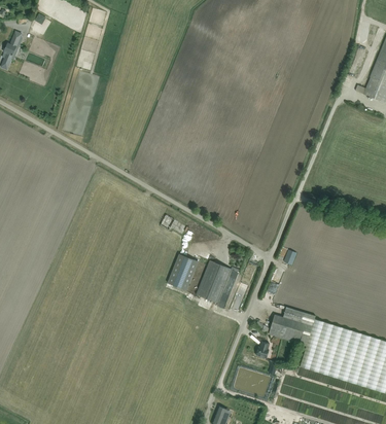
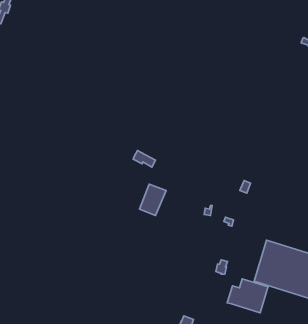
building: [197,260,232,303] -> none
building: [269,307,316,346] -> [227,279,268,313]

